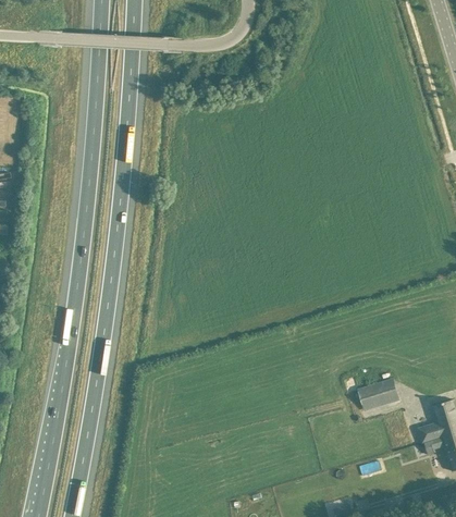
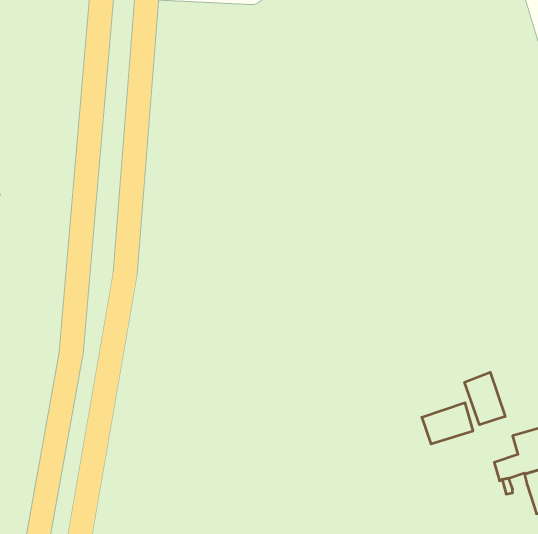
building: none -> [465,372,505,425]

